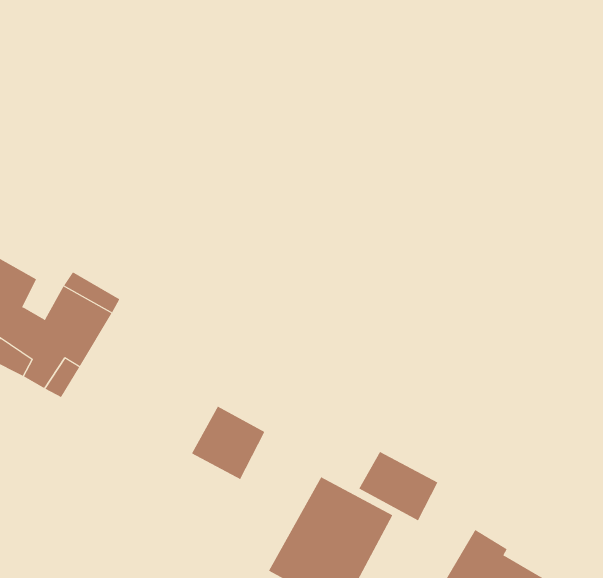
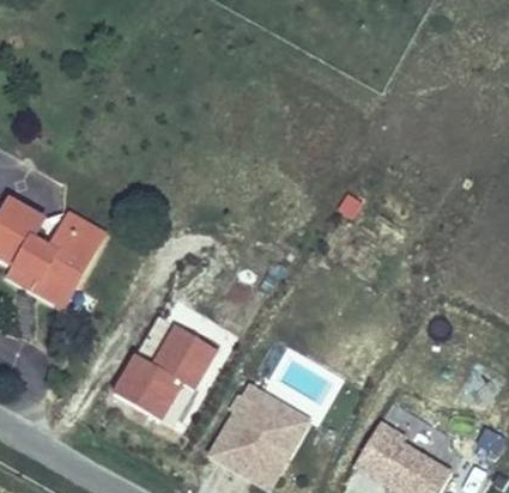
building: none -> [114,346,199,426]
building: [359,451,438,521] -> none

